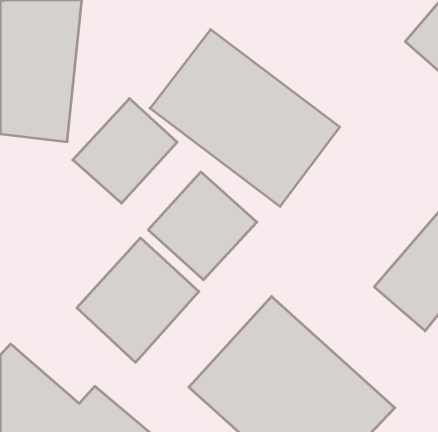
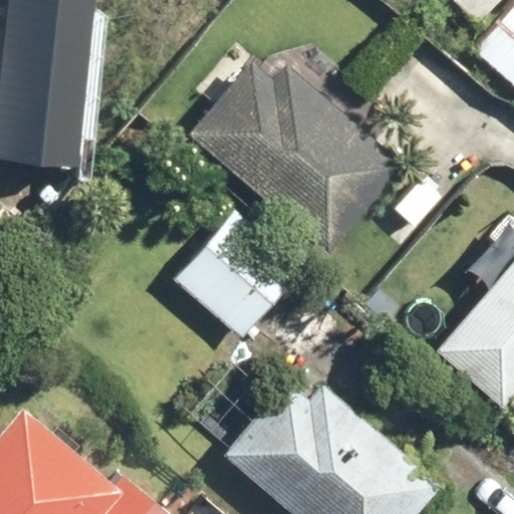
building: [73,98,177,203] -> none
building: [77,238,199,362] -> none

